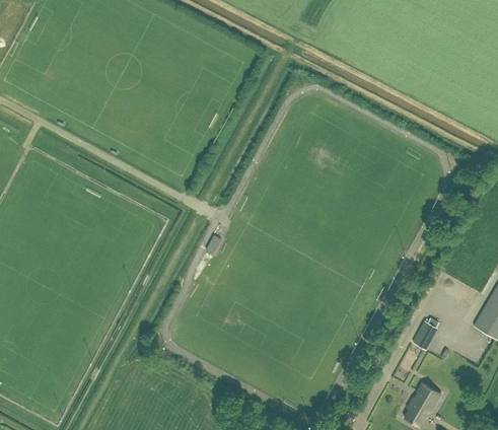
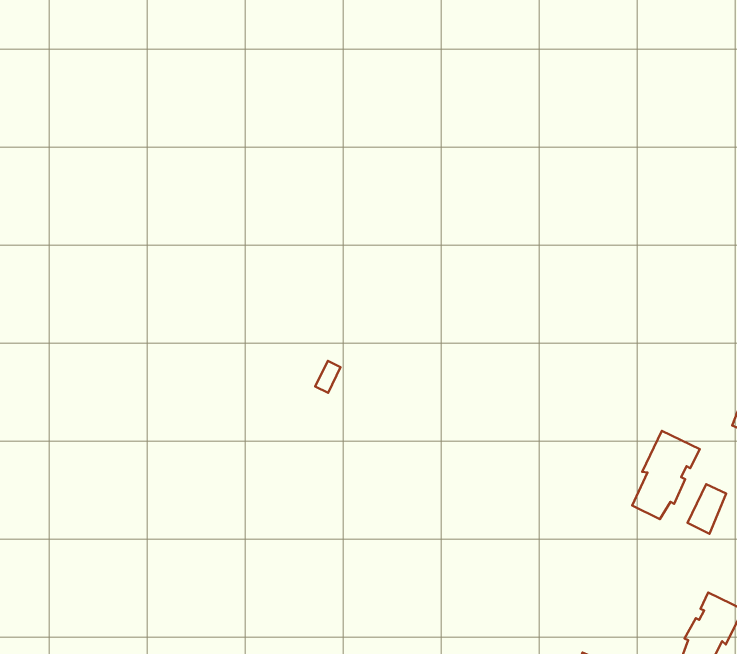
building: none -> [632,431,700,519]

